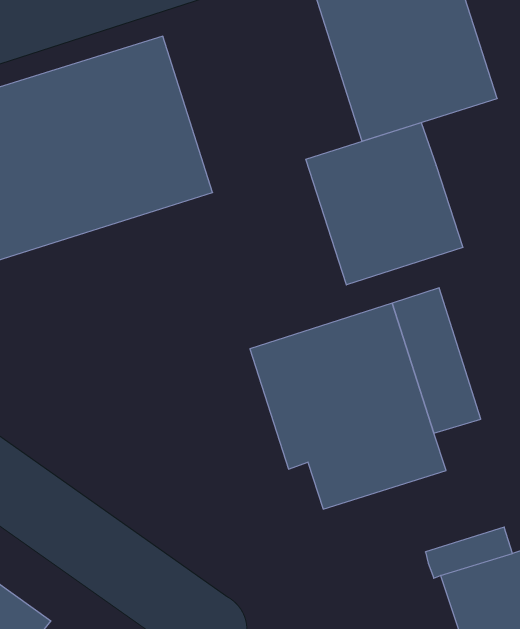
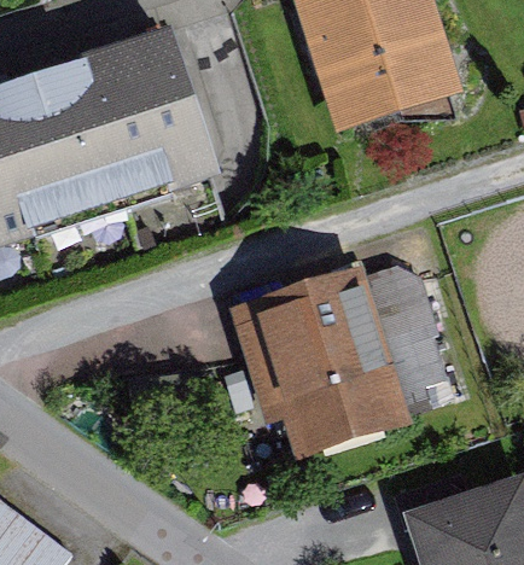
building: [306,123,463,285] -> none

